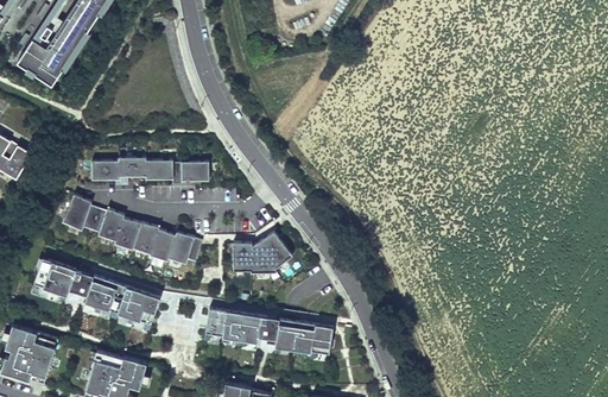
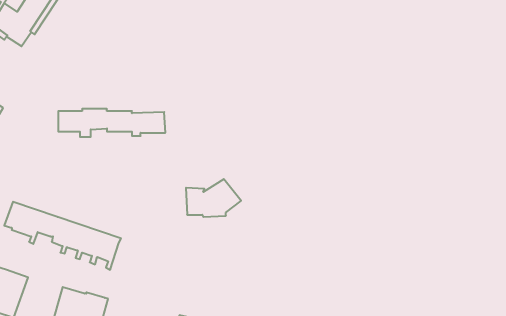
building: [61,194,201,264] -> none
building: [202,308,331,360] -> none

